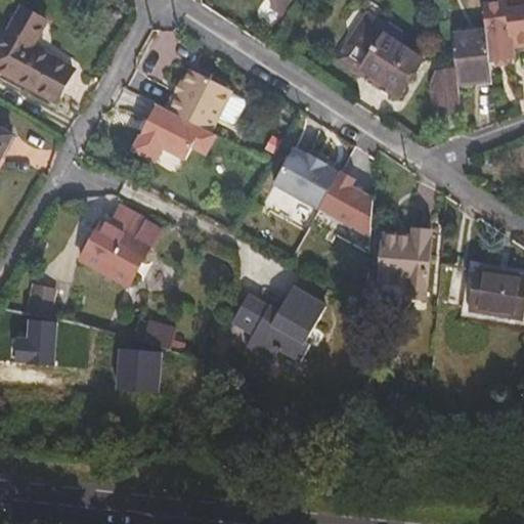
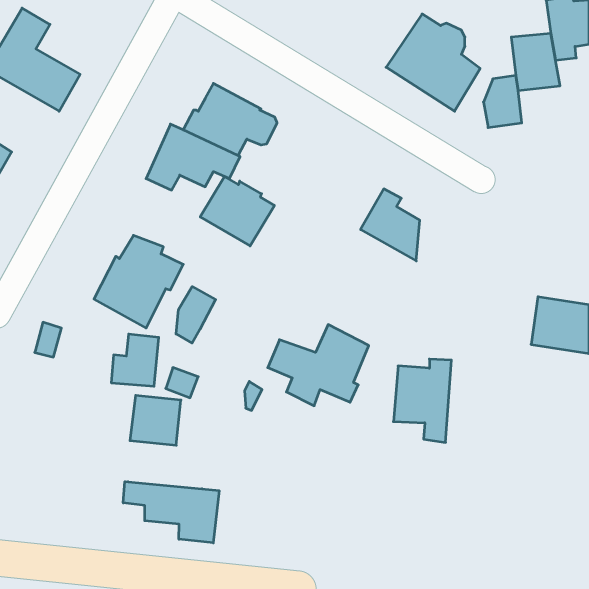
building: [271,143,337,205] -> [200,176,274,246]
building: [378,221,429,295] -> [393,359,451,442]
building: none -> [176,287,216,343]
building: [14,317,56,363] -> [111,334,159,386]
building: none -> [123,482,219,543]

